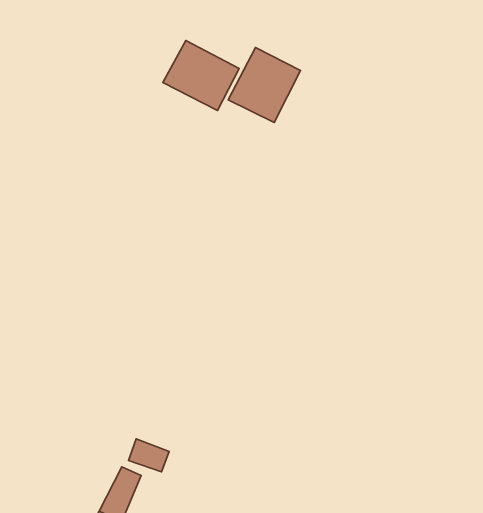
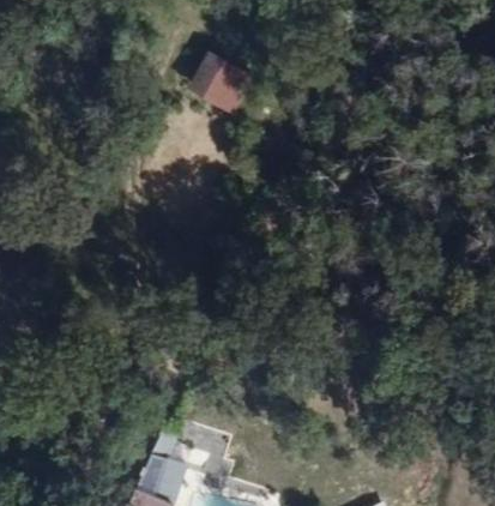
building: [228,47,300,122] -> none

